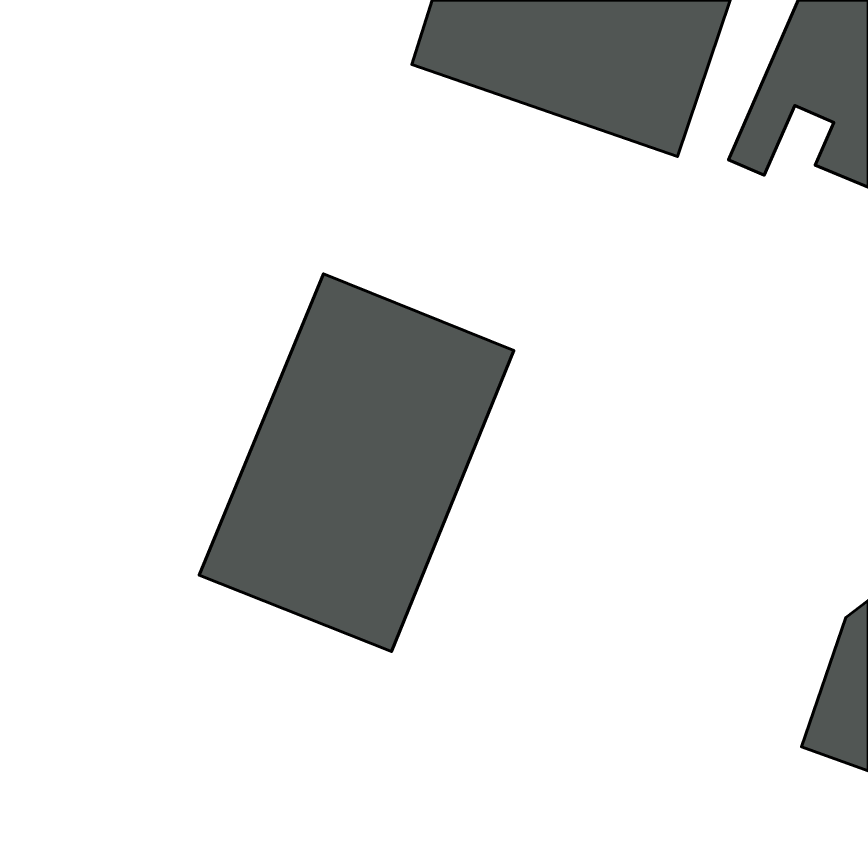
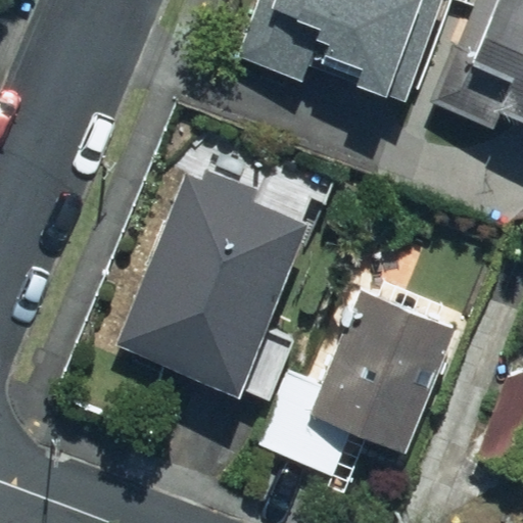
building: none -> [260,281,460,477]

